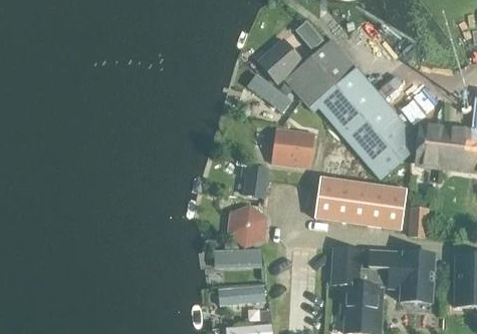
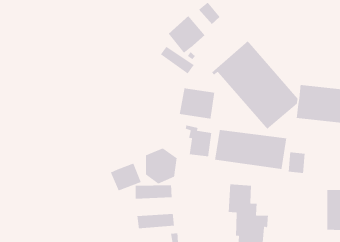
building: [285,38,356,107] -> none
building: [236,157,270,199] -> [185,124,212,157]
building: none -> [110,163,142,192]
building: [368,250,435,302] -> none

